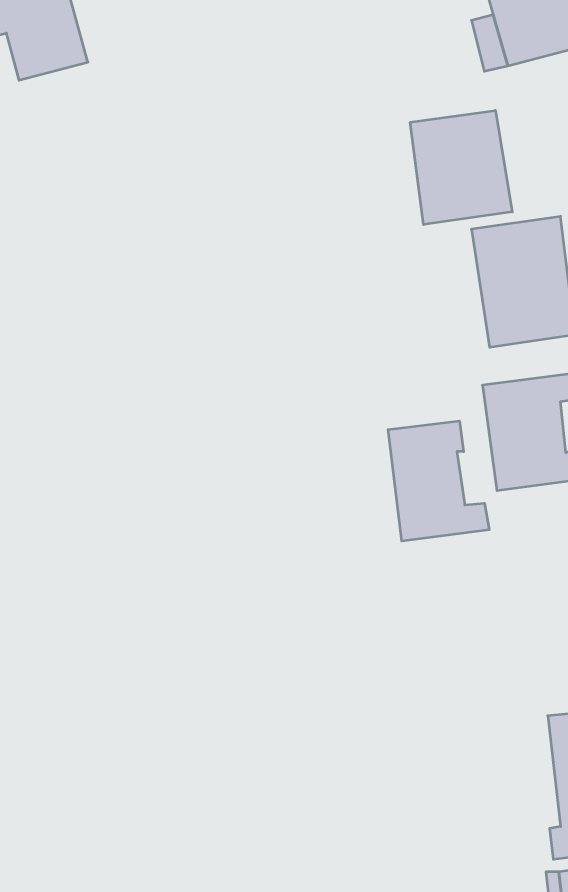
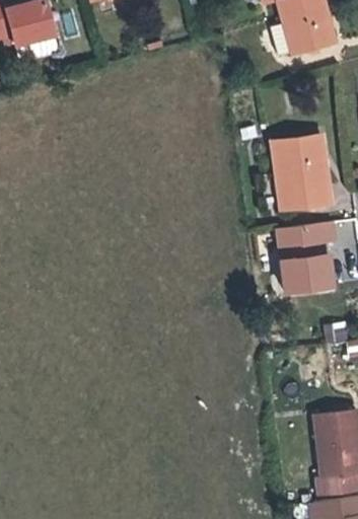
building: [410,110,512,225] -> none
building: [388,421,489,541] -> none

